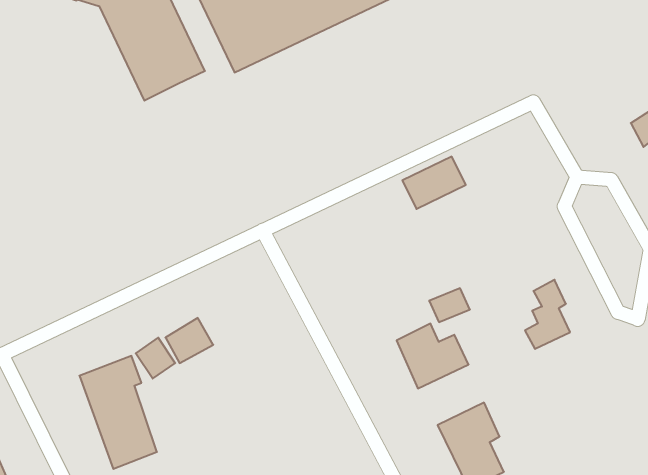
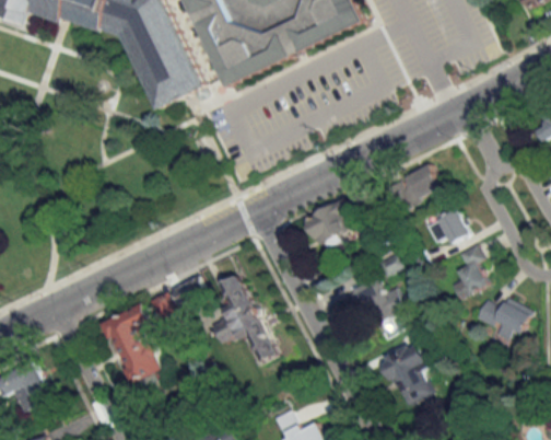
building: [402,157,466,209] -> [390,166,439,207]
building: none -> [304,202,350,252]
building: none -> [425,210,467,244]
building: none -> [207,275,277,363]
building: none -> [472,299,529,337]

